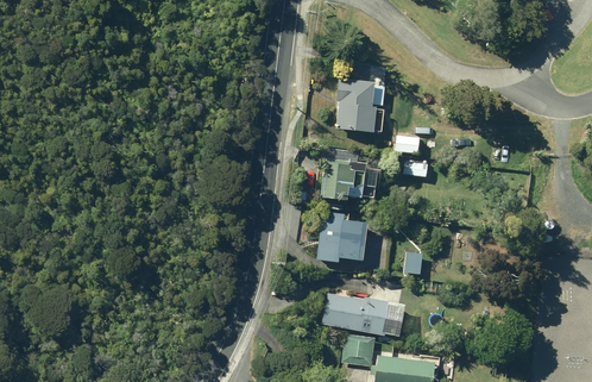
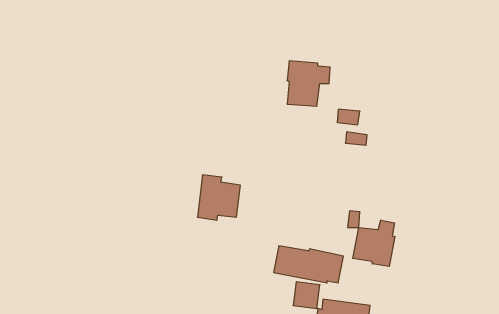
building: [321,157,377,200] -> none
building: [317,211,367,263] -> [197,175,240,220]
building: none -> [353,220,395,266]

